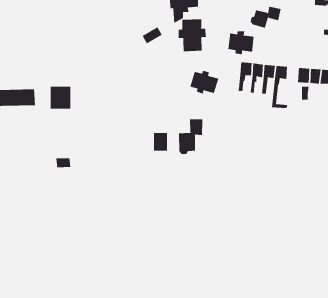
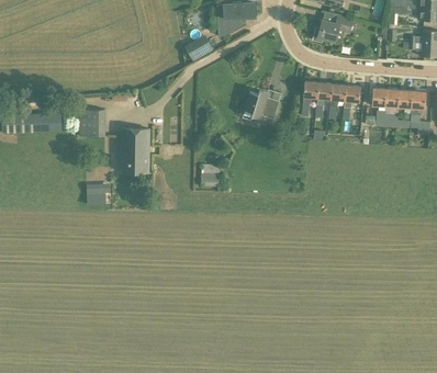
building: [178,18,207,52] -> none
building: [228,31,254,55] -> none
building: none -> [122,128,148,173]
building: [178,119,203,155] -> none

